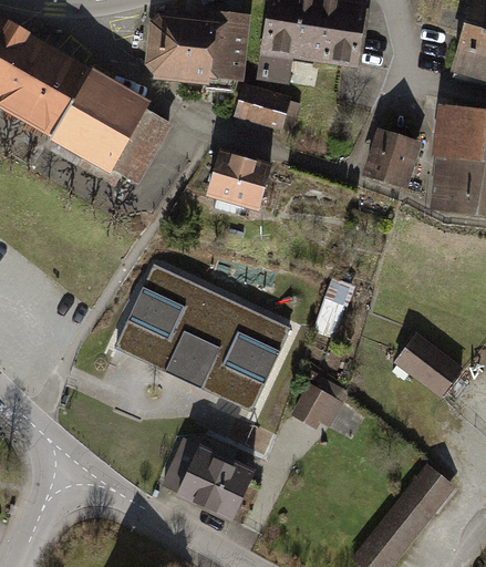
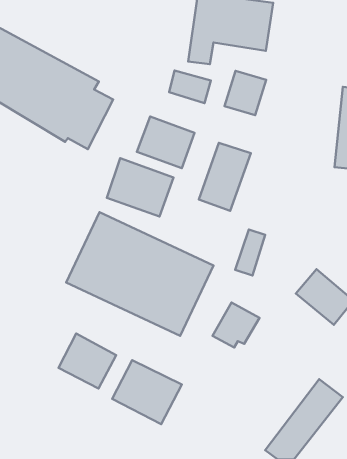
building: [144,10,251,86] -> none
building: [368,131,418,185] -> [225,71,266,115]
building: none -> [199,143,251,211]
building: none -> [107,158,174,216]
building: none -> [59,333,116,389]

